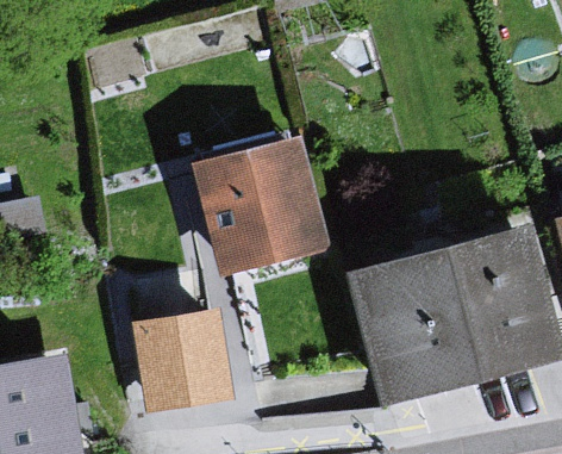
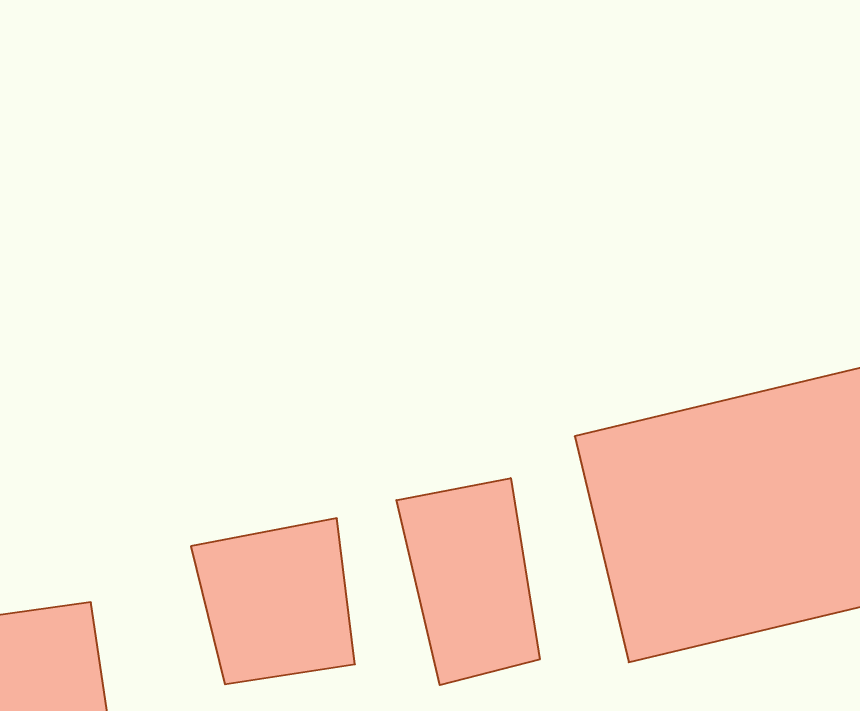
building: [177,136,325,280] -> none
building: none -> [396,478,540,685]

